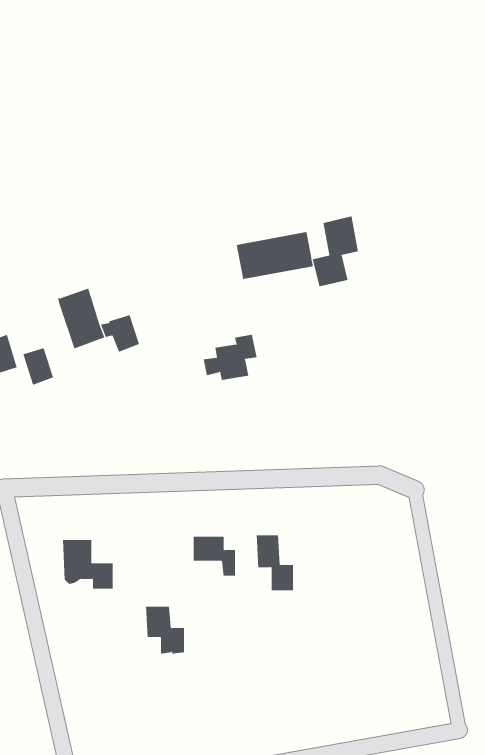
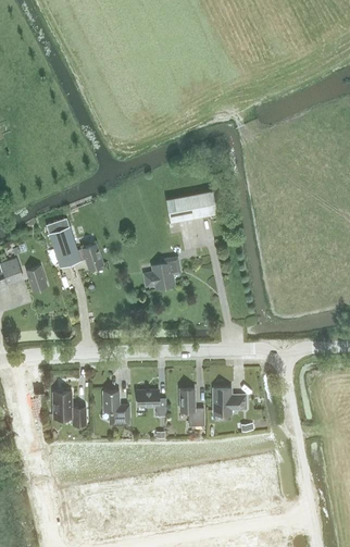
building: [312,216,359,287] -> none
building: none -> [214,389,247,414]
building: [145,606,185,654] -> [102,391,128,423]

